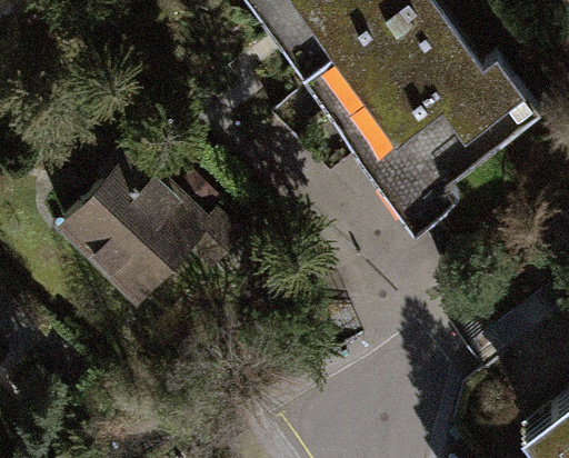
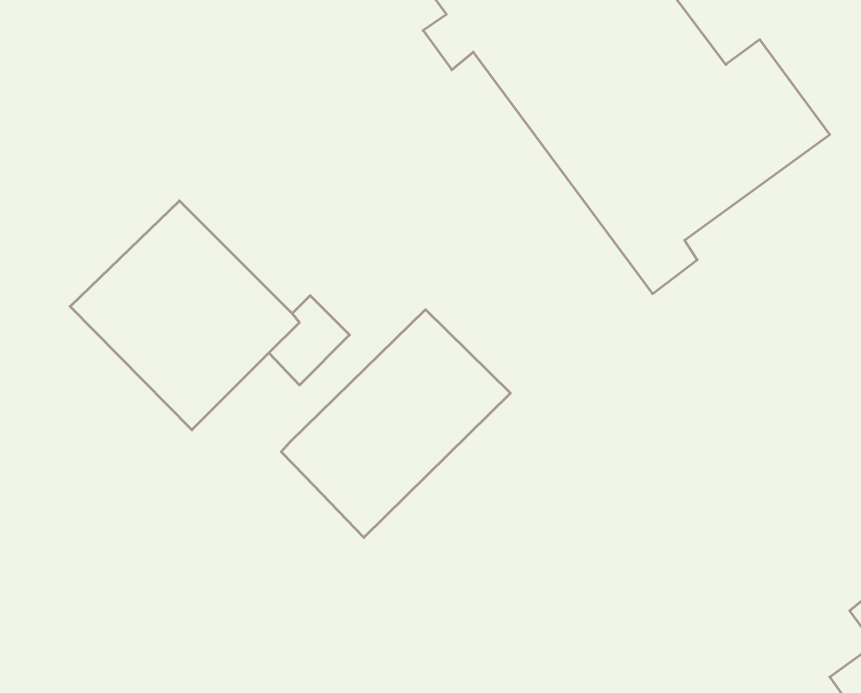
building: none -> [281,310,510,538]

